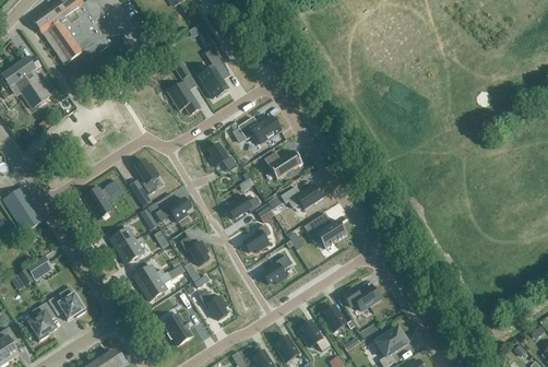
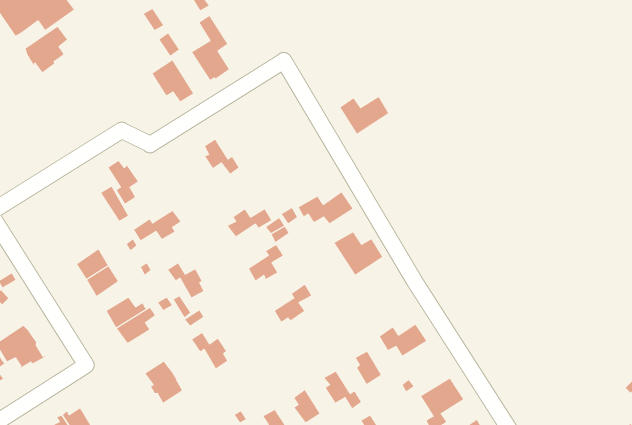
building: none -> [25,26,68,75]
building: [238,115,281,143] -> none
building: [263,150,301,179] -> [340,96,389,135]
building: [83,179,122,216] -> none

